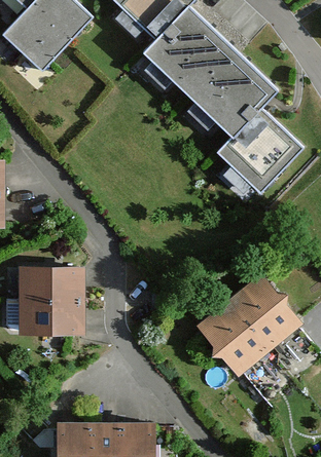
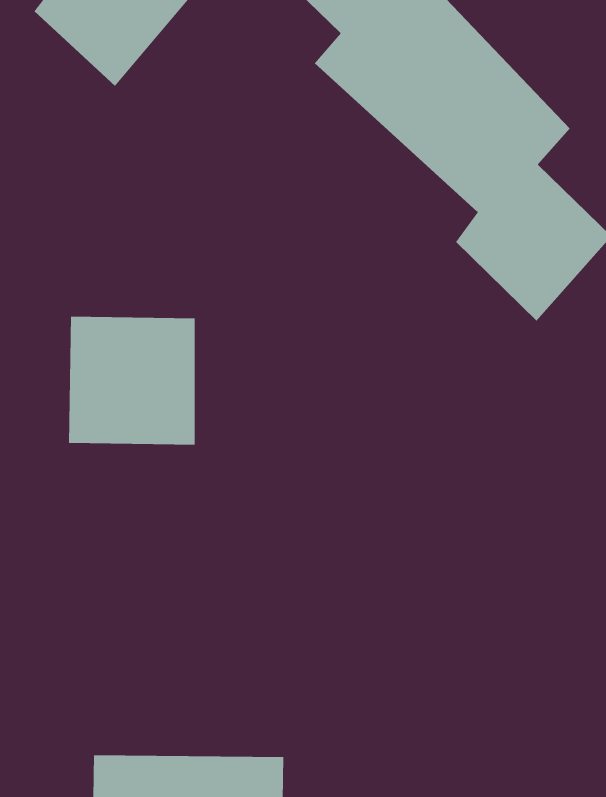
building: [11,266,77,333] -> [68,316,196,445]
building: [194,279,297,379] -> none

